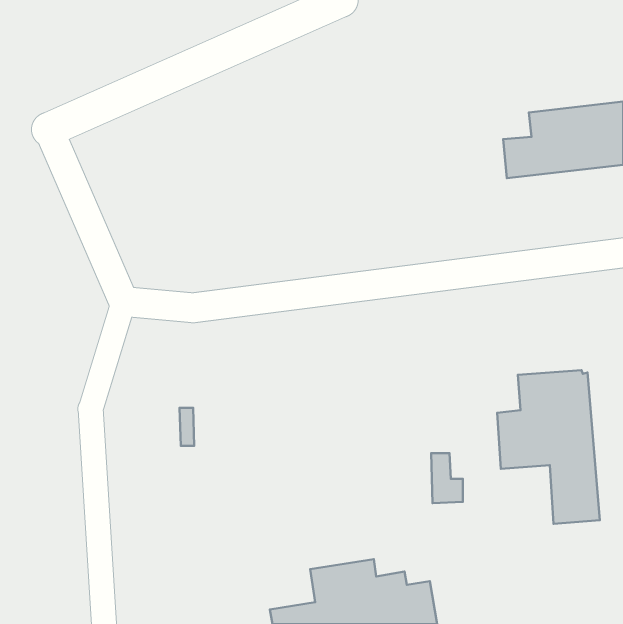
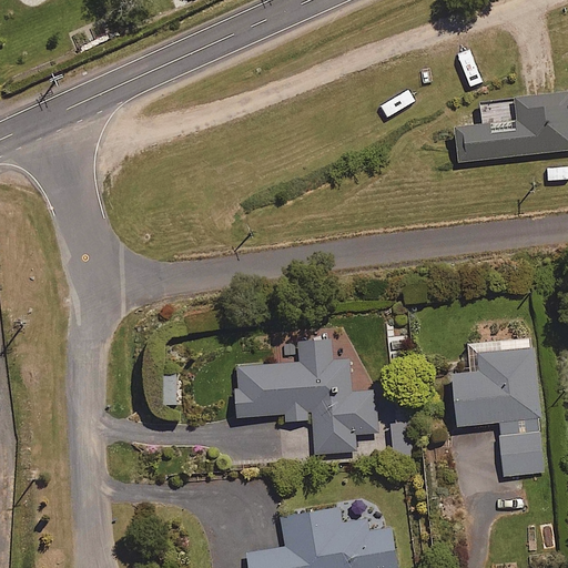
building: none -> [235,341,378,454]

